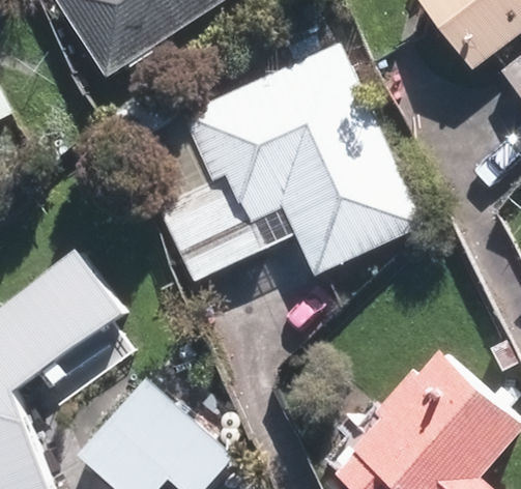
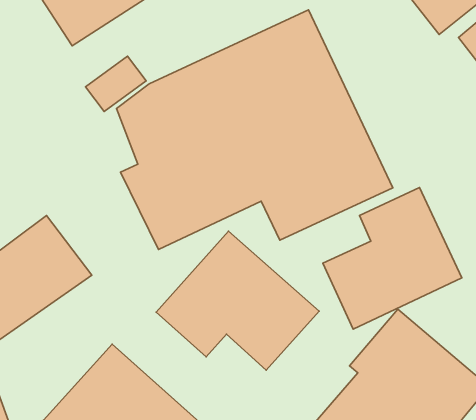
building: none -> [323,187,462,329]
building: none -> [156,231,319,370]

